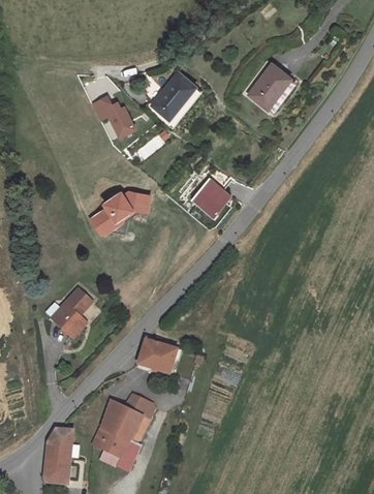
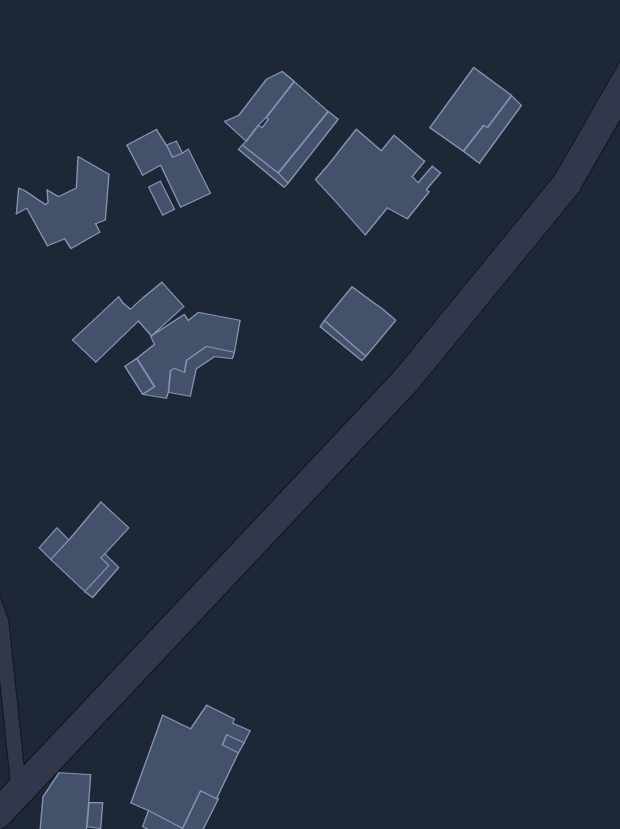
building: none -> [316,129,441,235]
building: none -> [16,157,109,249]
building: none -> [72,282,184,362]
building: [137,339,177,374] -> none

